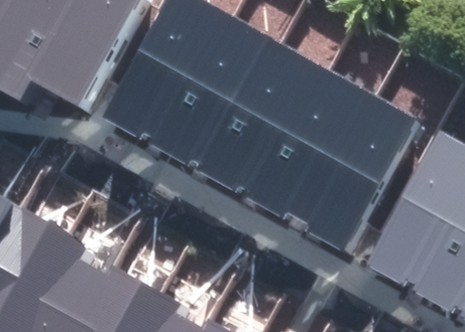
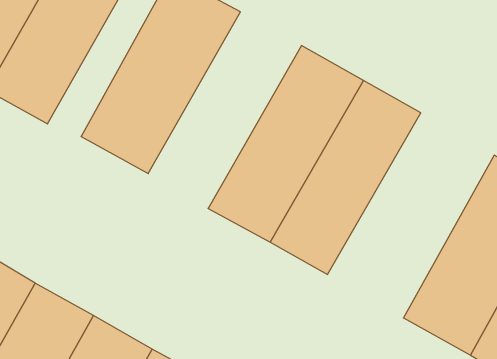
building: [157,15,281,175] -> none
building: [303,97,427,255] -> none

